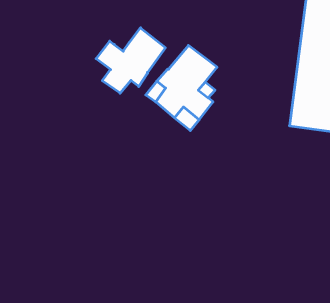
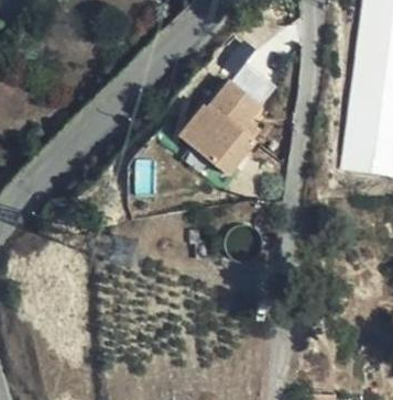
building: [96,28,165,93] -> none

